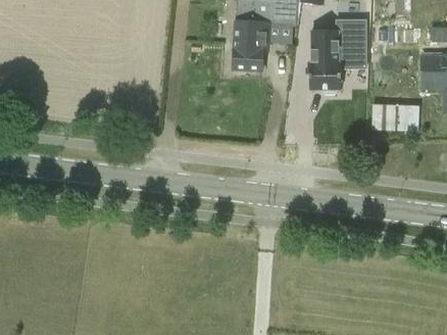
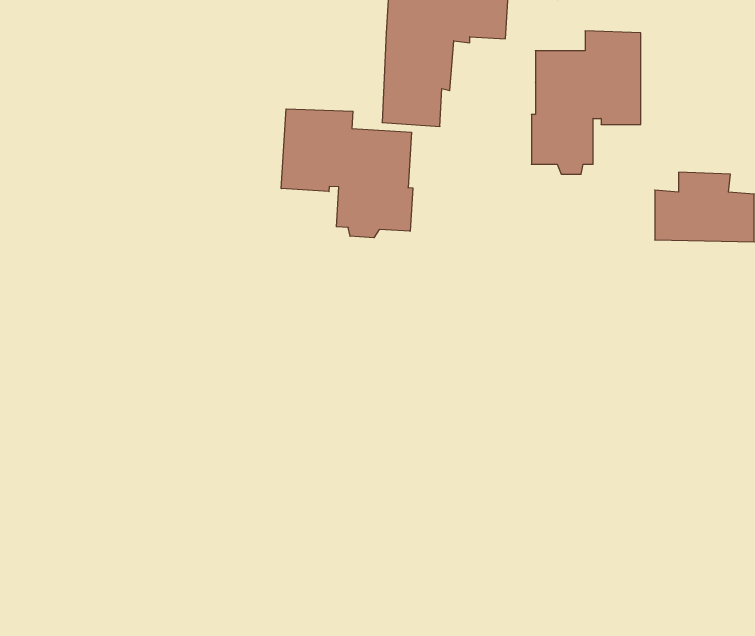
building: none -> [281,109,413,238]

